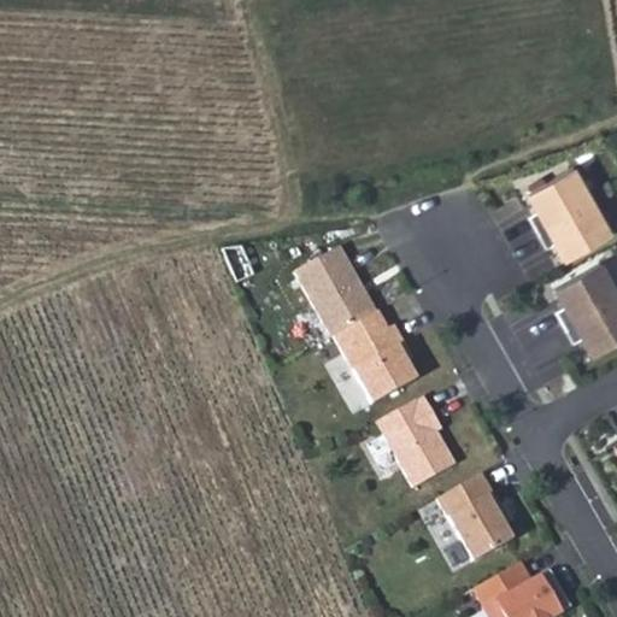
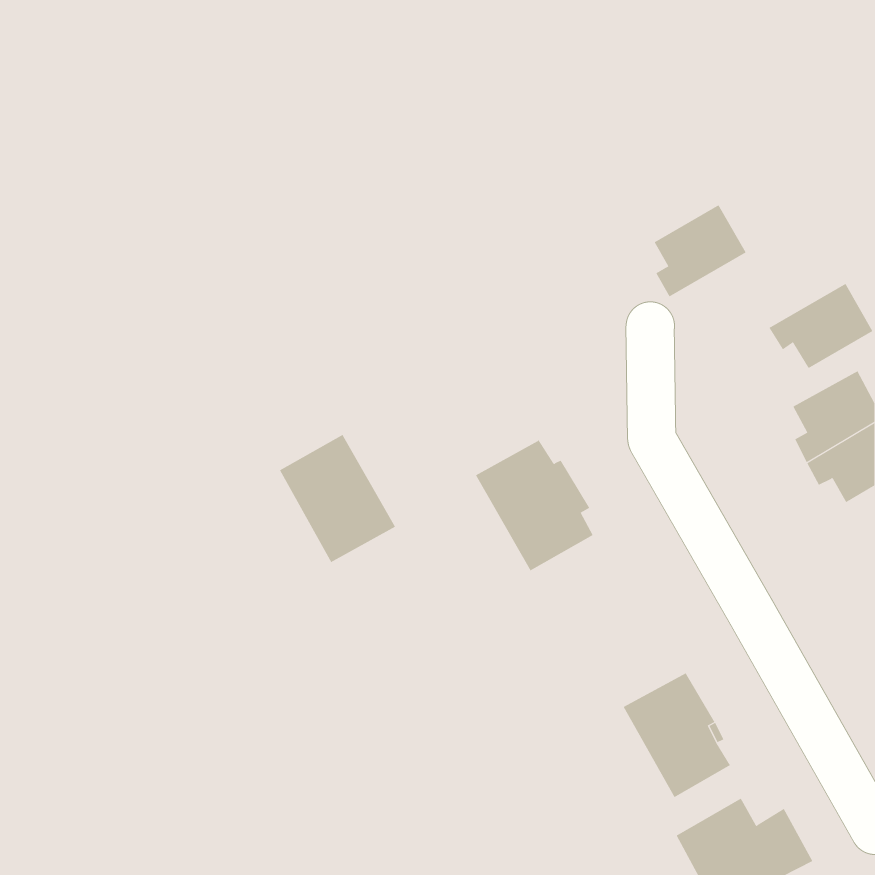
building: [529,166,594,231] -> [654,204,746,297]
building: [295,246,377,336] -> [279,434,396,563]
building: [377,395,457,487] -> none

